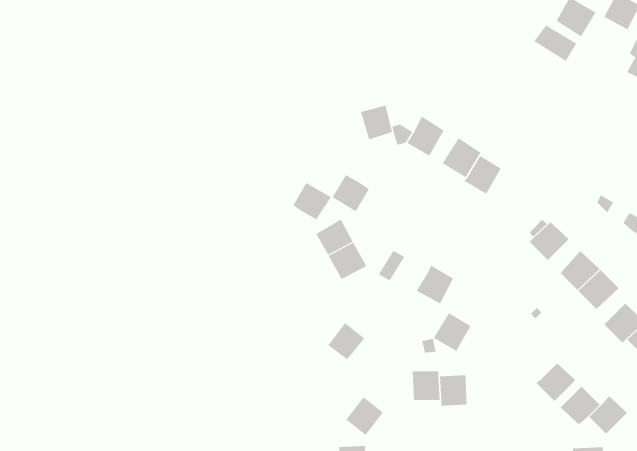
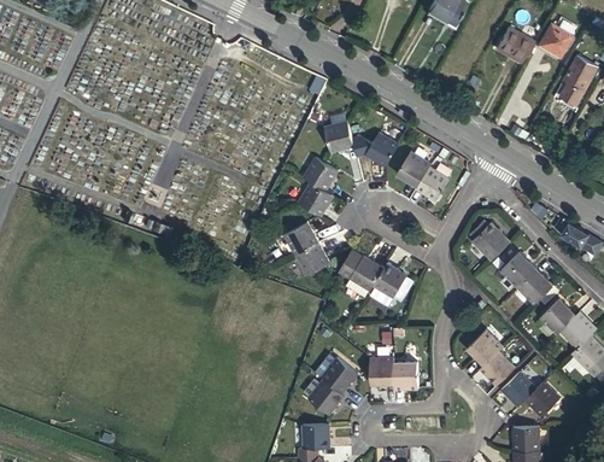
building: [533,25,577,62] -> none
building: [292,182,332,220] -> [303,158,338,192]
building: [434,312,472,352] -> [350,257,383,292]
building: [327,322,365,360] -> [323,359,357,393]
building: none -> [465,332,500,365]

